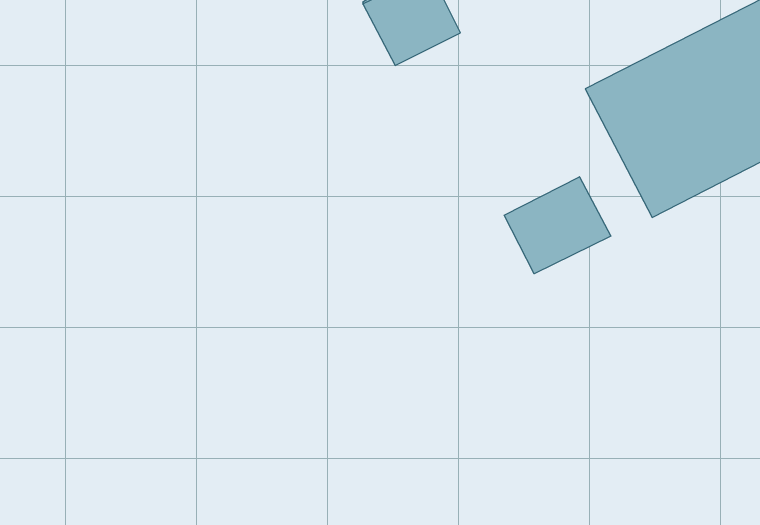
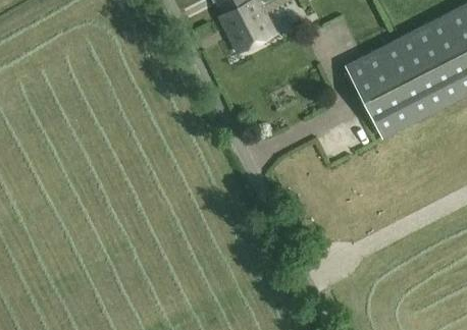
building: [504,177,611,274] -> none

